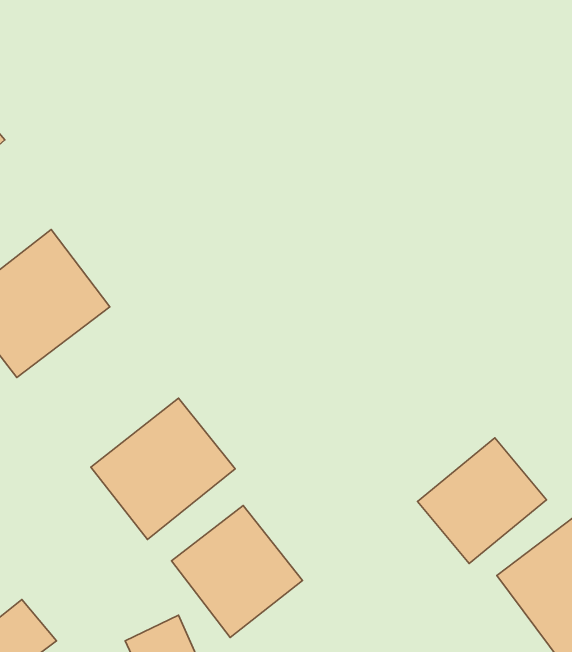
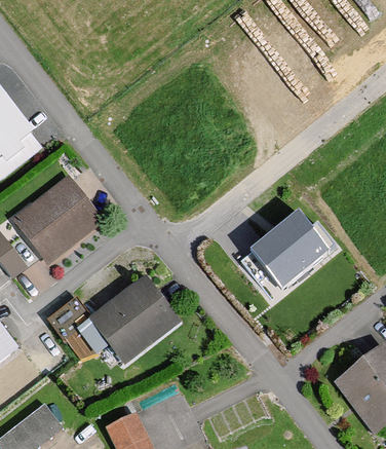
building: [417,438,546,564] -> [253,218,330,293]
building: [172,505,302,637] -> none

